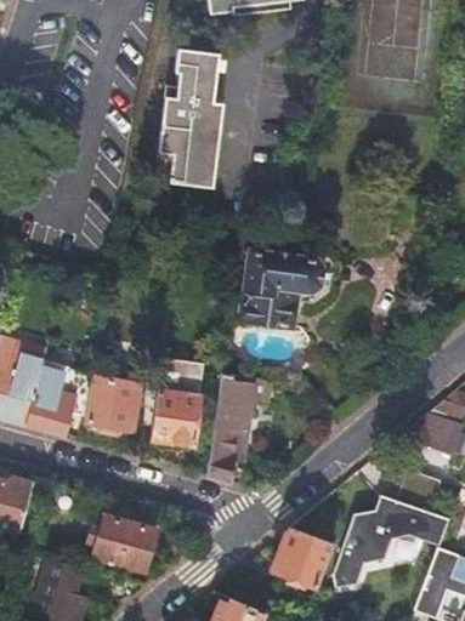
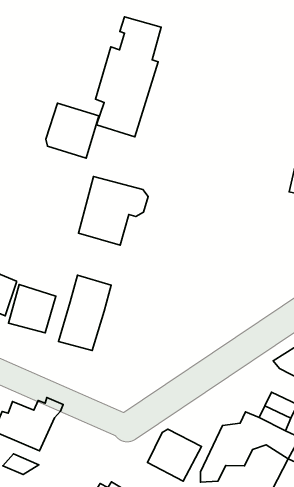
building: none -> [46,103,99,158]
building: [239,251,317,329] -> [78,177,148,245]
building: [204,375,268,483] -> none

